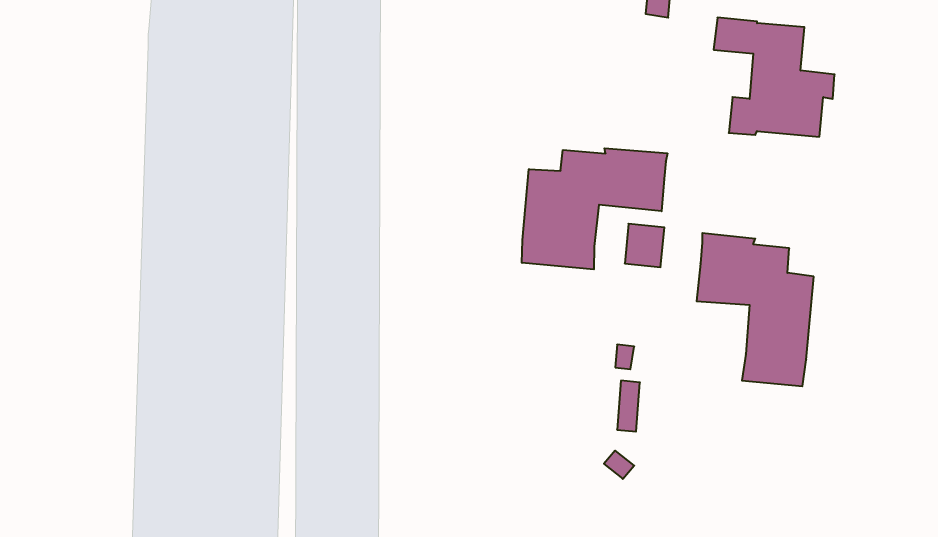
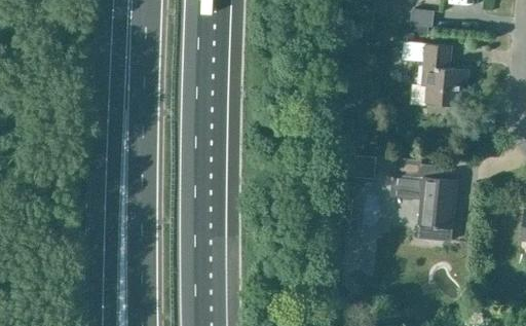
building: [522,148,667,269] -> none

